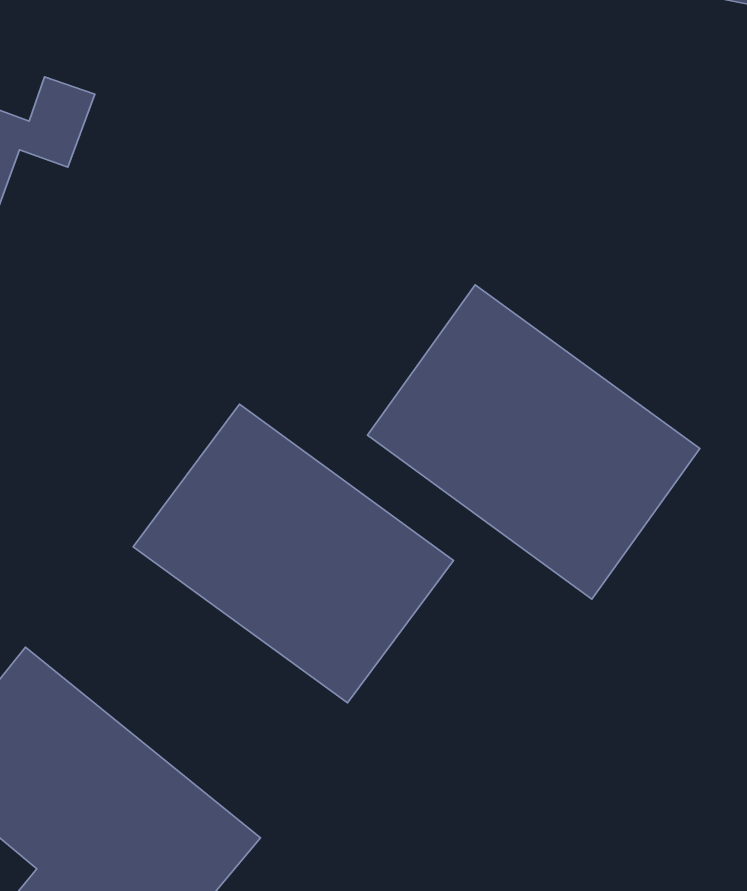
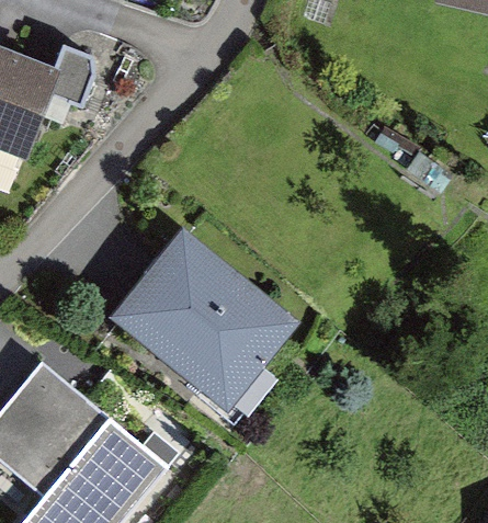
building: [367,285,700,599] -> none

